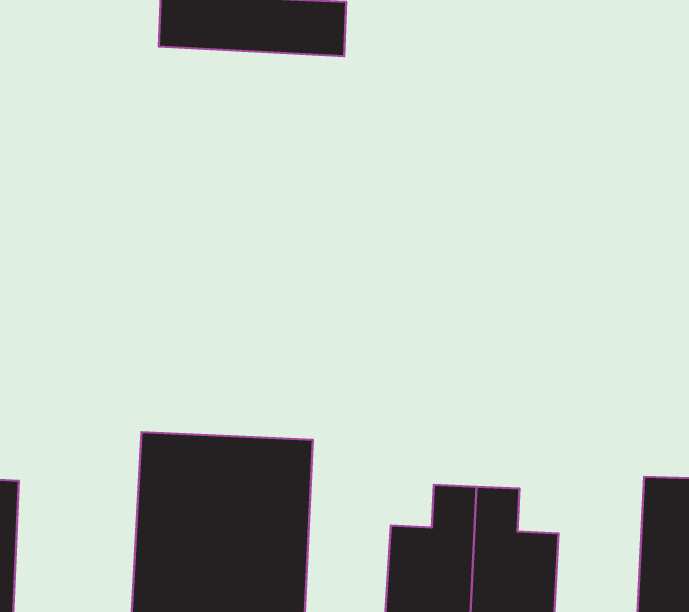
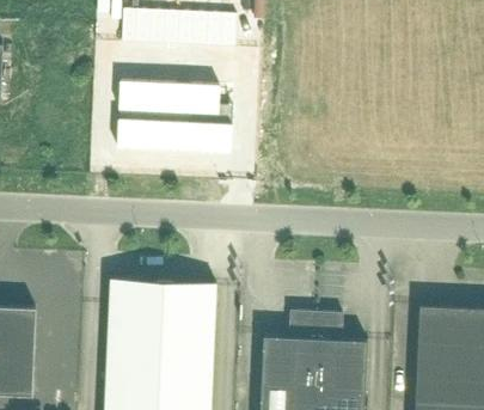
building: none -> [117,80,233,153]

